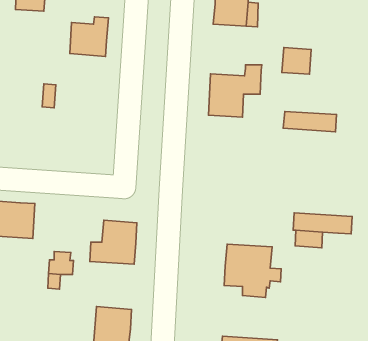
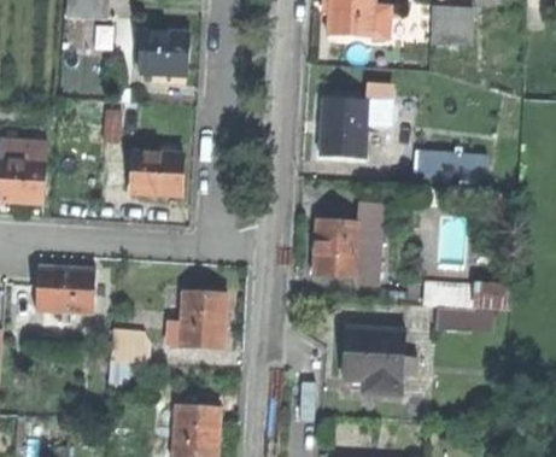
building: [282,48,311,74] -> [433,7,472,42]
building: none -> [133,151,181,197]
building: none -> [311,205,379,276]

